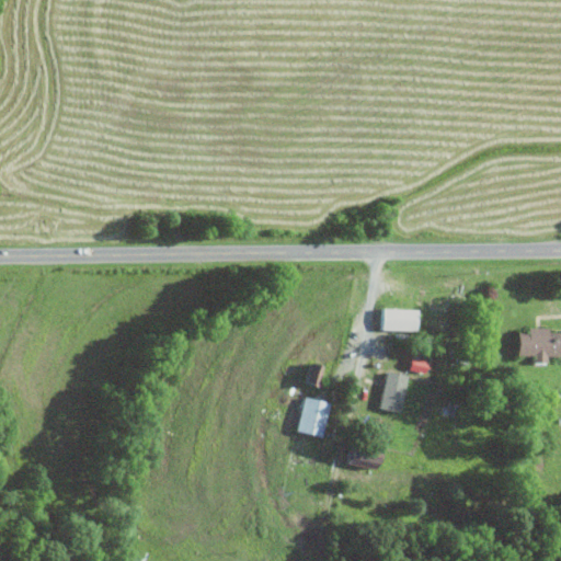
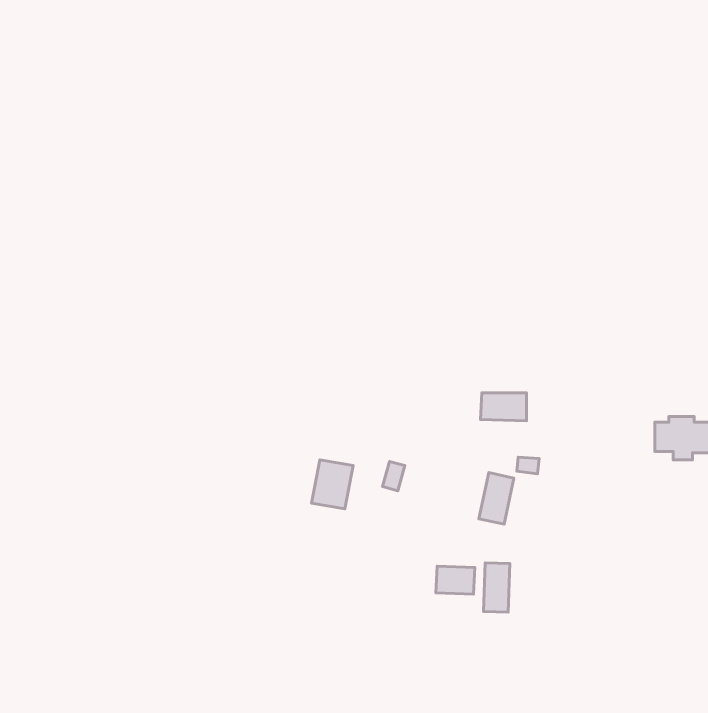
building: [297,398,330,436] -> [311,460,353,509]
building: none -> [483,563,510,612]

